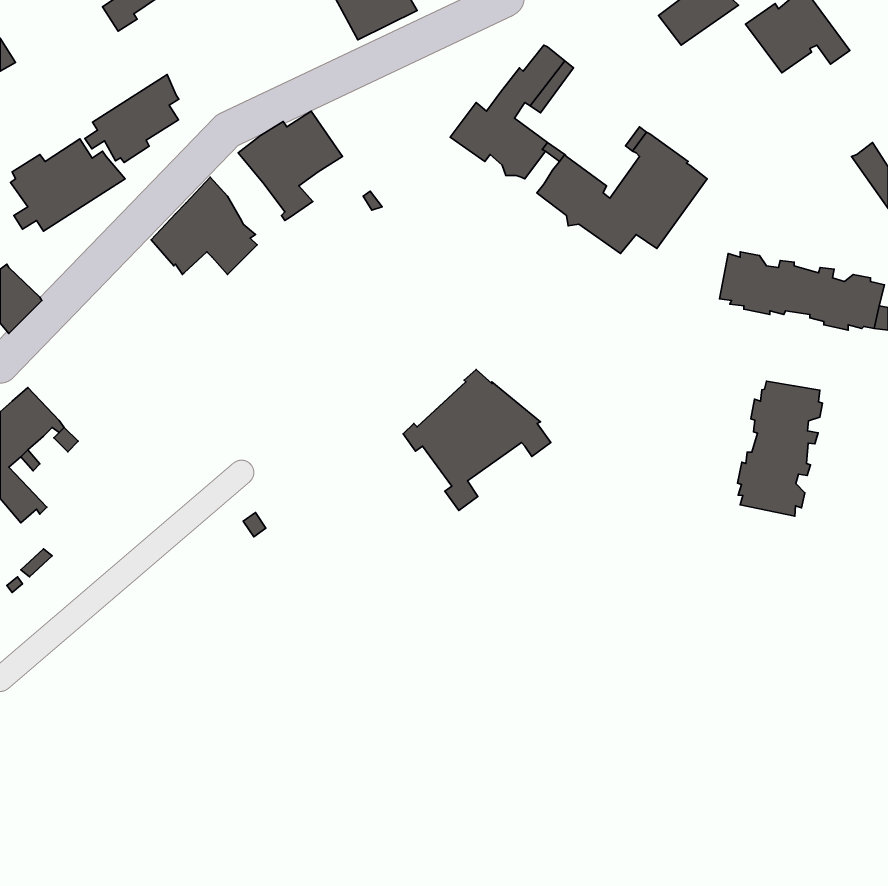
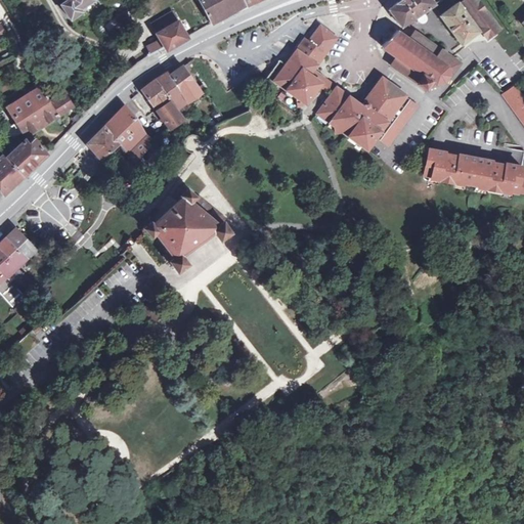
building: none -> [157,12,188,50]
building: none -> [385,28,460,91]
building: [85,74,179,162] -> none
building: none -> [5,136,46,175]
building: [403,370,551,510] -> [144,188,231,271]
building: [738,381,822,516] -> none

